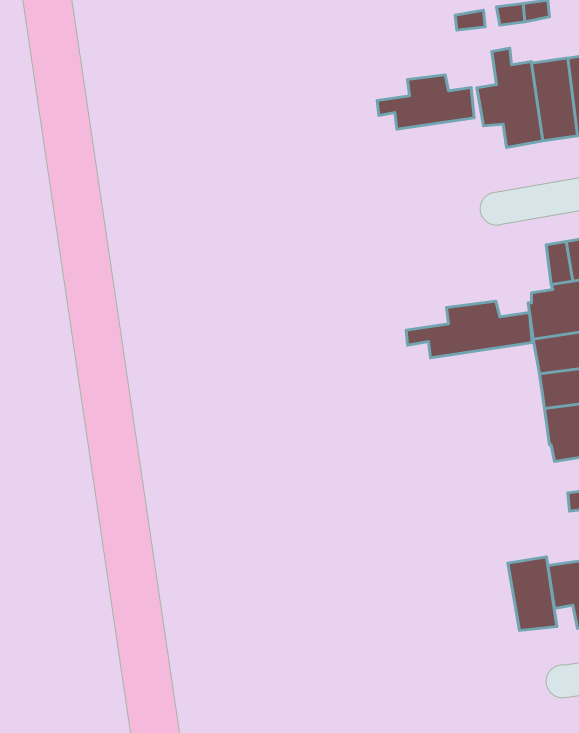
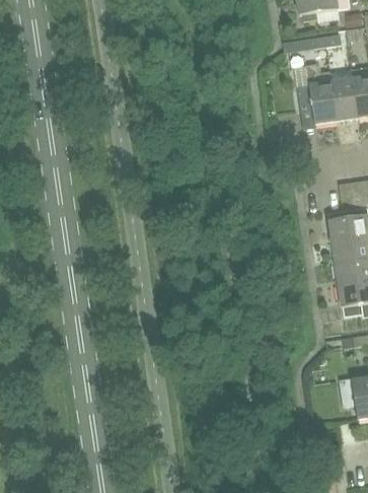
building: [377,75,474,129] -> none
building: [406,301,532,358] -> none
building: [508,557,557,631] -> none

